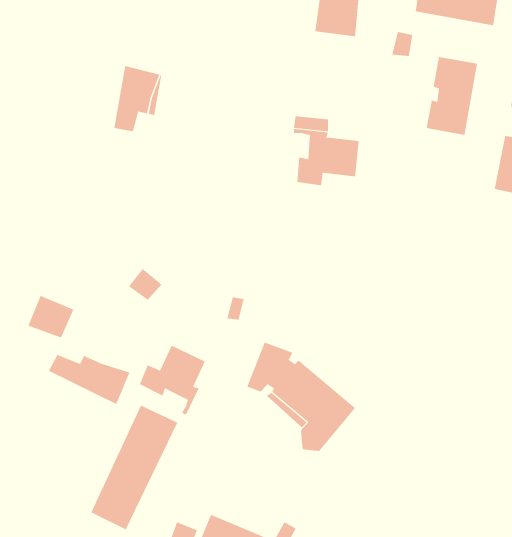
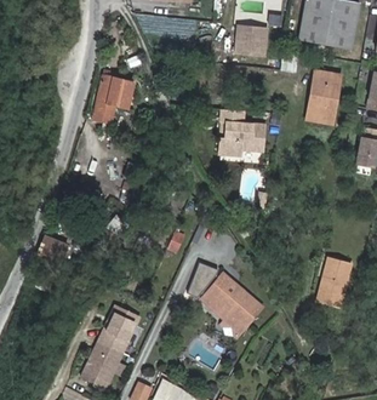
building: none -> [316,257,349,307]
building: [139,345,206,416] -> none
building: [48,354,130,405] -> none

